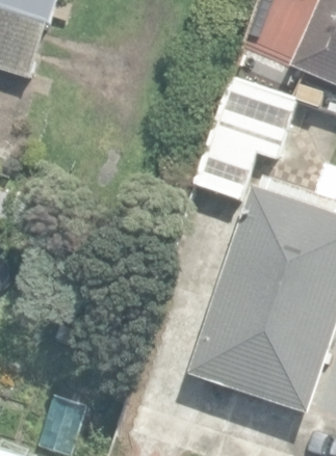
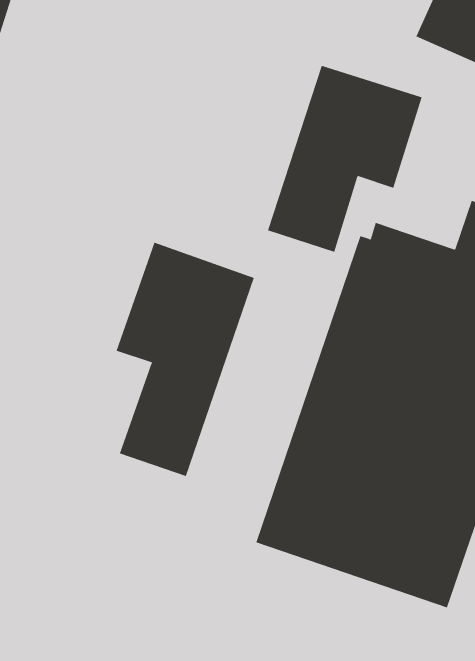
building: none -> [116,242,254,477]

